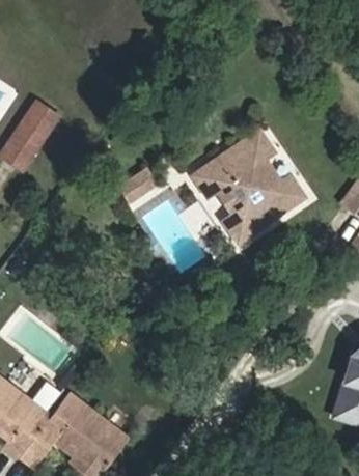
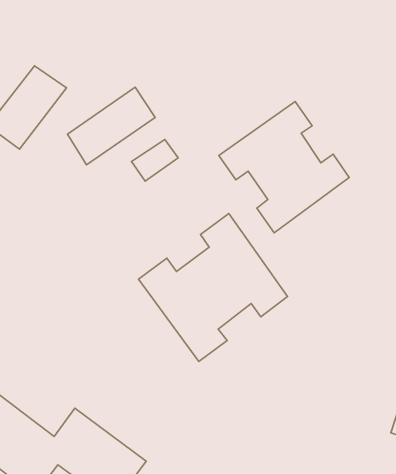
building: none -> [68,87,155,165]
building: none -> [138,214,287,361]

